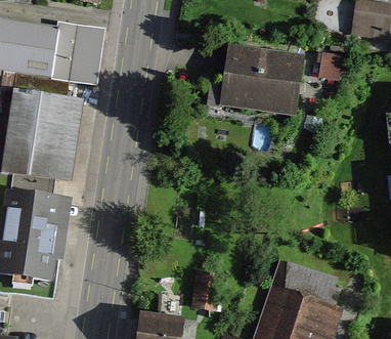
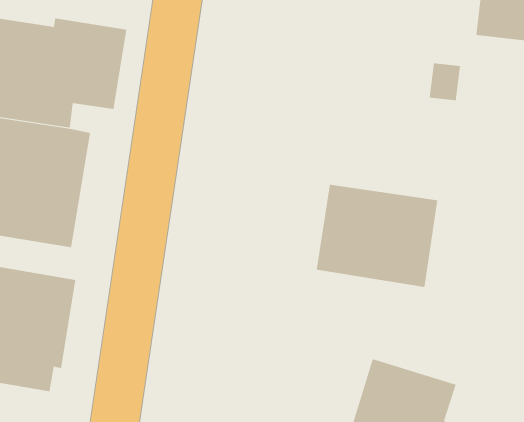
building: [219,43,305,116] -> [316,184,438,287]

